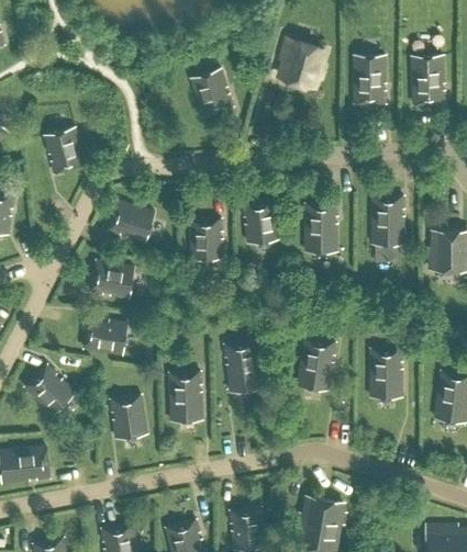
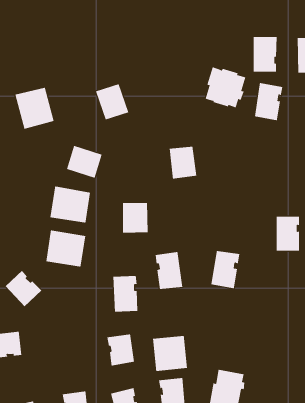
building: [275,36,330,91] -> [205,67,246,108]
building: [189,69,234,117] -> [95,84,129,120]
building: [370,194,409,245] -> [254,83,283,121]
building: [304,205,338,251] -> none
building: [189,221,224,261] -> [122,203,149,233]
building: [371,351,403,397] -> [276,216,300,251]
building: [110,396,147,439] -> [107,334,135,366]
building: none -> [152,335,187,372]

